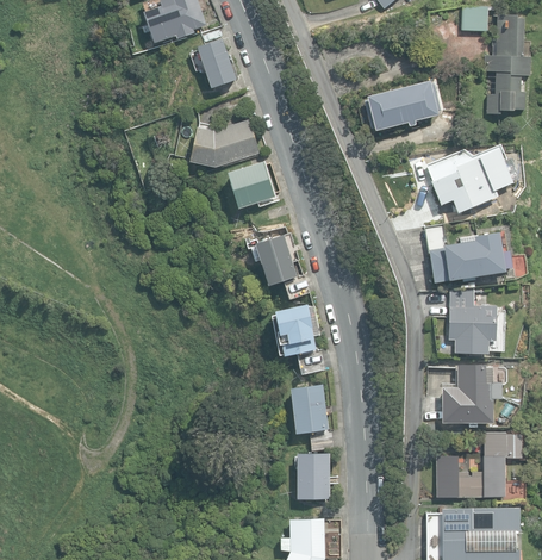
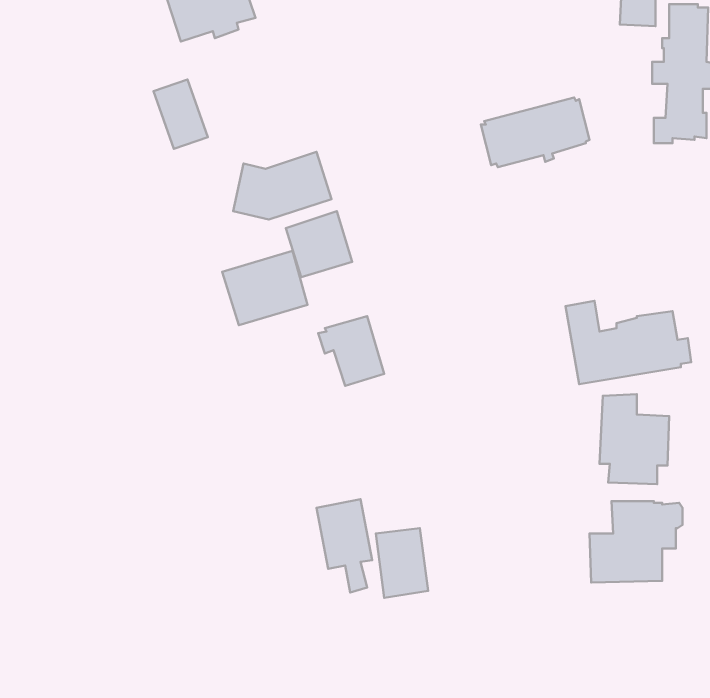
building: [198,41,236,89] -> [154,79,208,149]
building: [426,149,518,214] -> none
building: none -> [222,251,308,325]
building: [276,307,316,373] -> [316,499,372,592]
building: [436,434,521,497] -> none
building: [298,453,330,498] -> none

